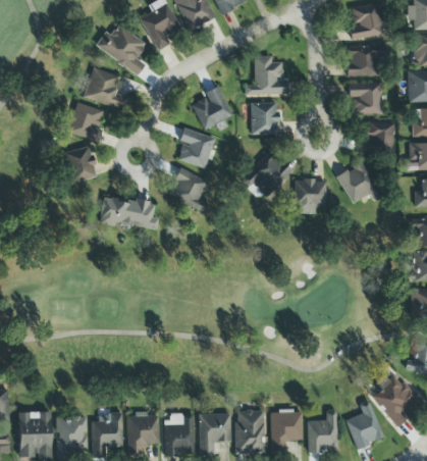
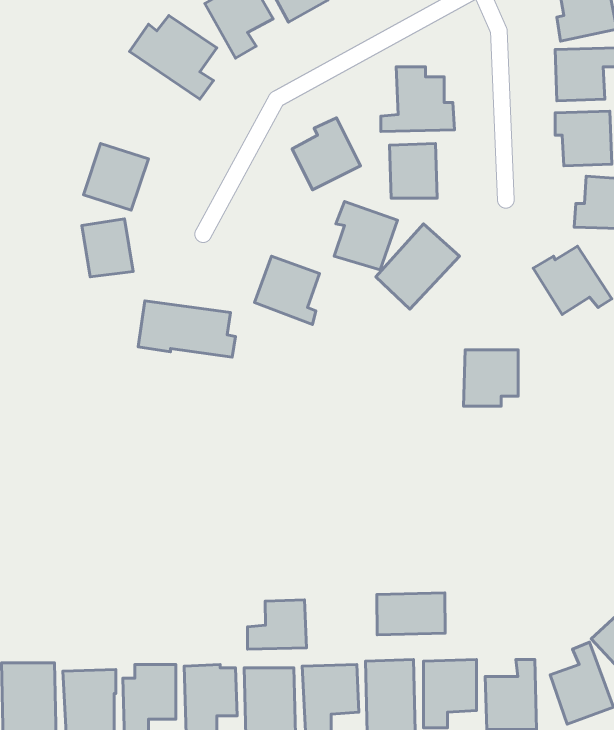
building: [83,66,128,110] -> none
building: [177,126,215,167] -> [334,201,397,270]
building: [293,178,326,212] -> [463,350,518,406]
building: none -> [377,593,445,635]
building: none -> [247,600,306,649]

